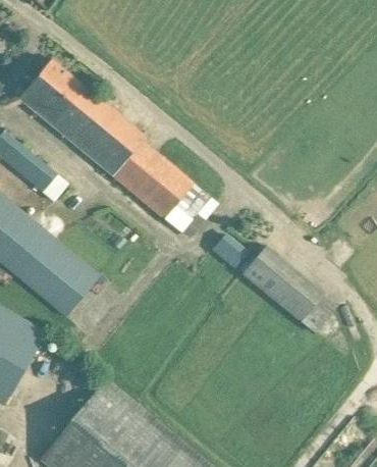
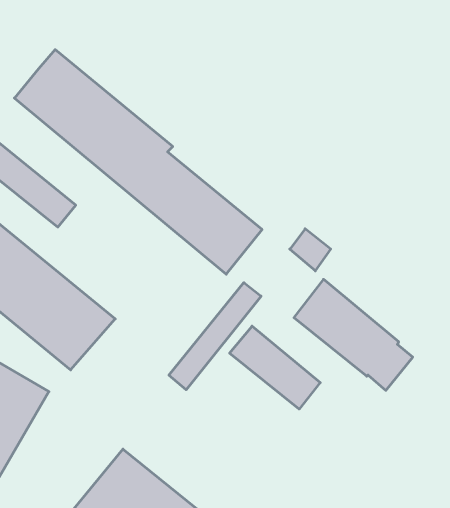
building: [212,231,245,265] -> [290,229,331,271]
building: none -> [169,283,261,390]
building: none -> [230,326,320,409]

